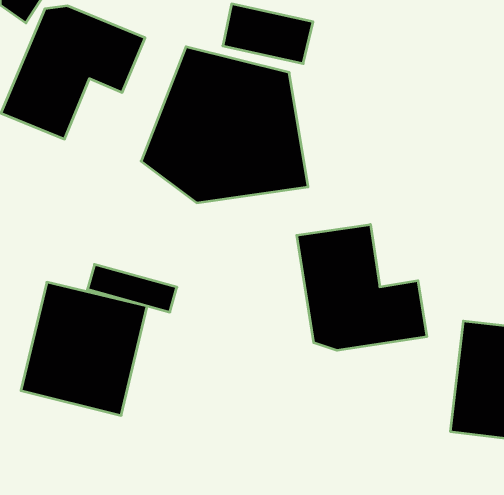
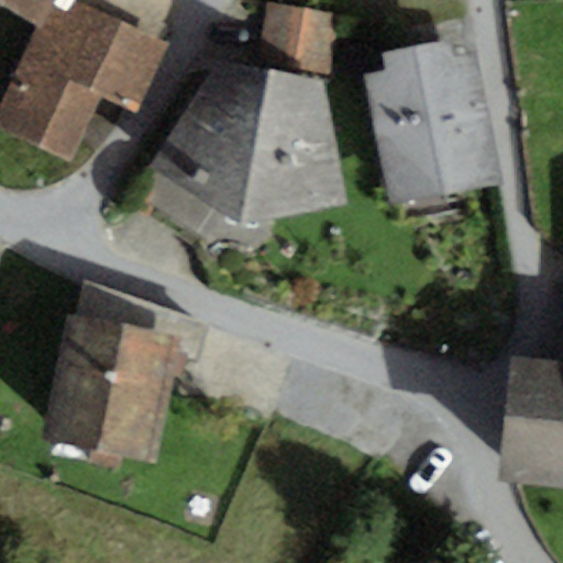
building: none -> [366,41,500,205]
building: [297,224,427,350] -> none

